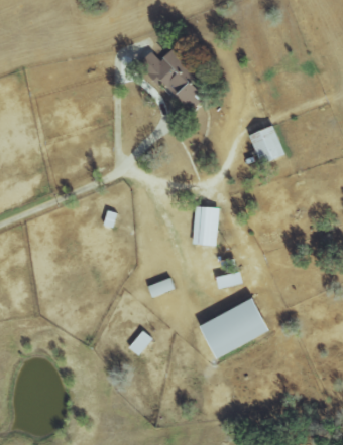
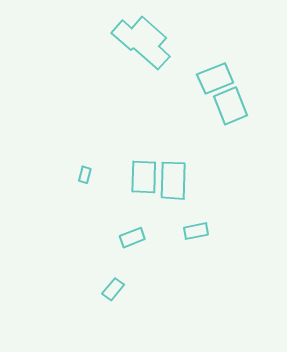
building: none -> [197,63,233,94]
building: none -> [133,161,155,193]
building: [200,297,271,357] -> none

